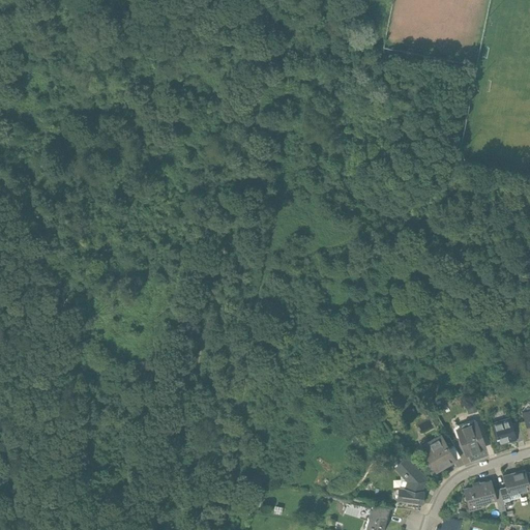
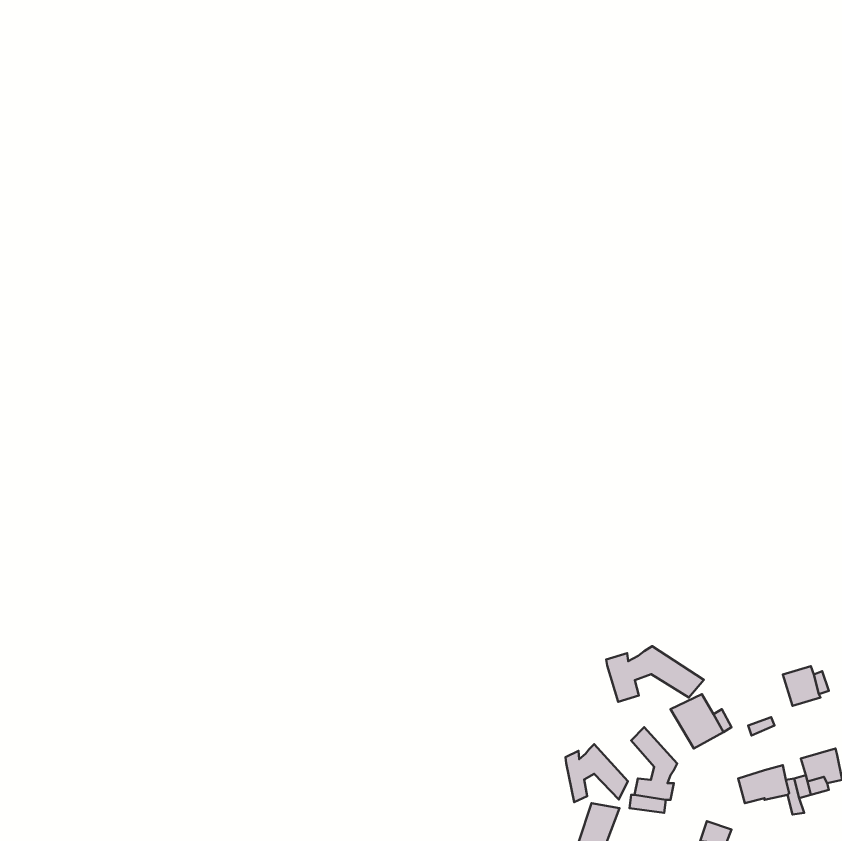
building: none -> [606,646,704,702]
building: [458,423,484,455] -> none
building: none -> [565,744,628,802]

